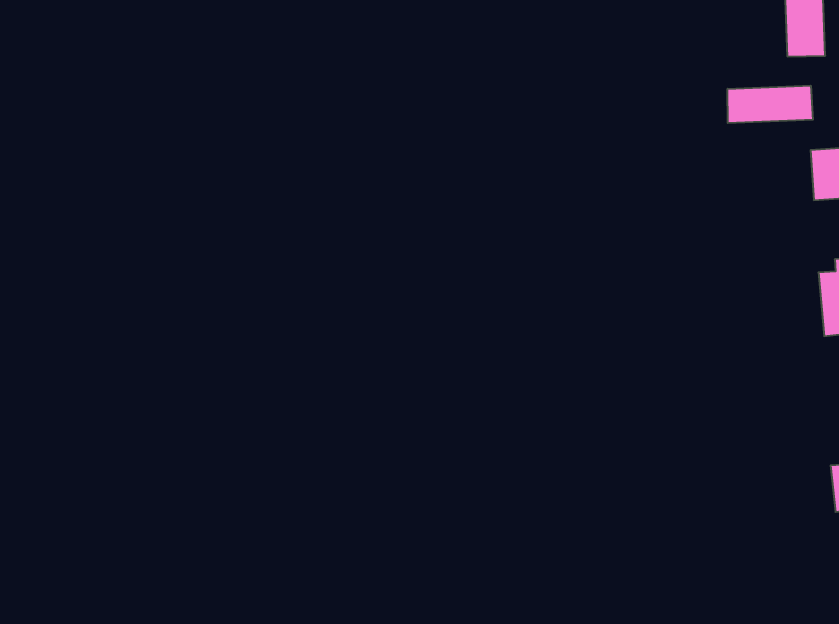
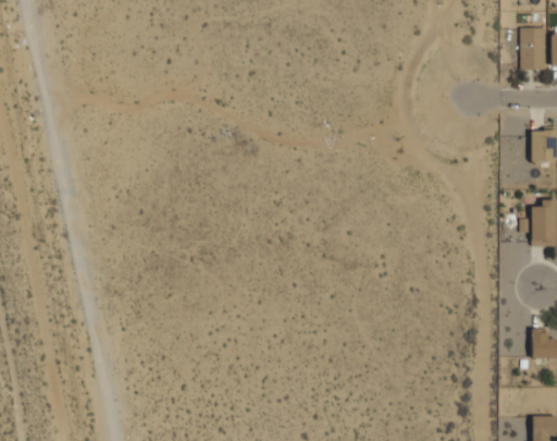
building: [728,86,813,123] -> none

